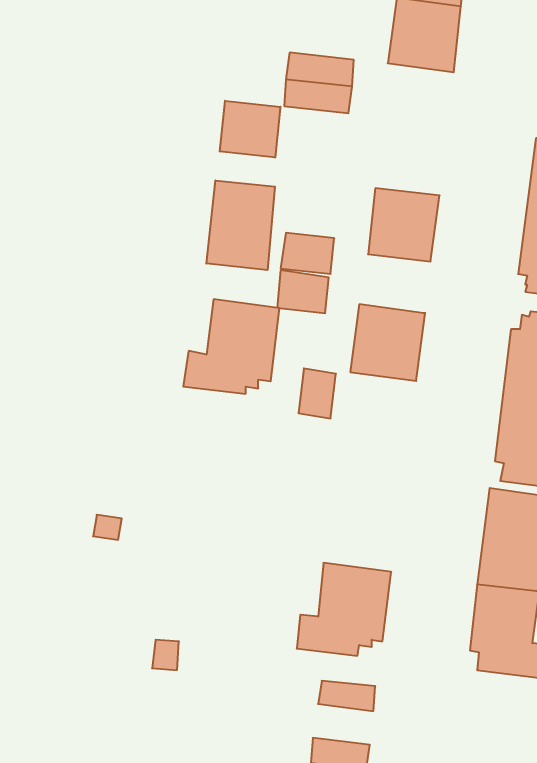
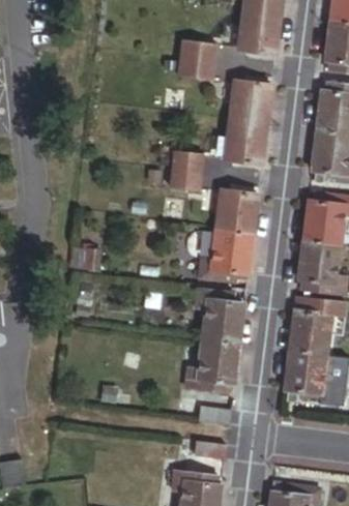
building: [220,101,280,158] -> none
building: none -> [230,80,272,125]
building: [206,180,275,270] -> none
building: [183,299,280,394] -> [198,228,254,282]
building: none -> [195,289,243,344]

